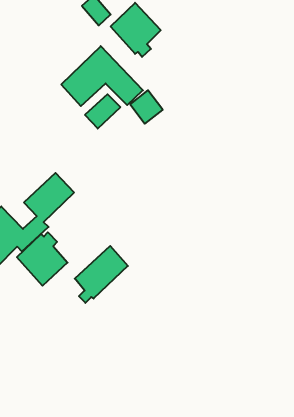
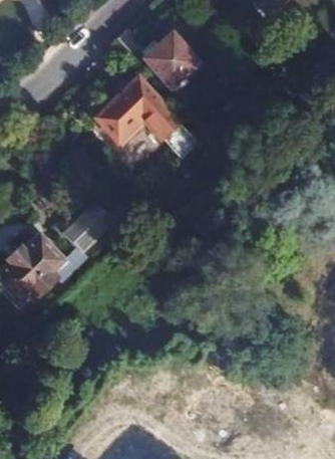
building: [17,232,68,286] -> none
building: [75,246,128,303] -> none

